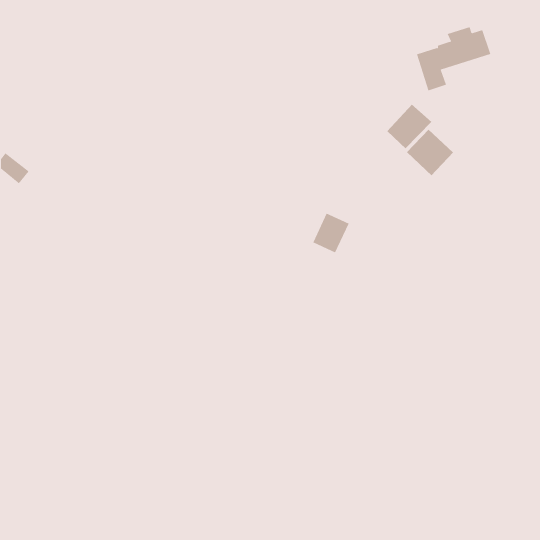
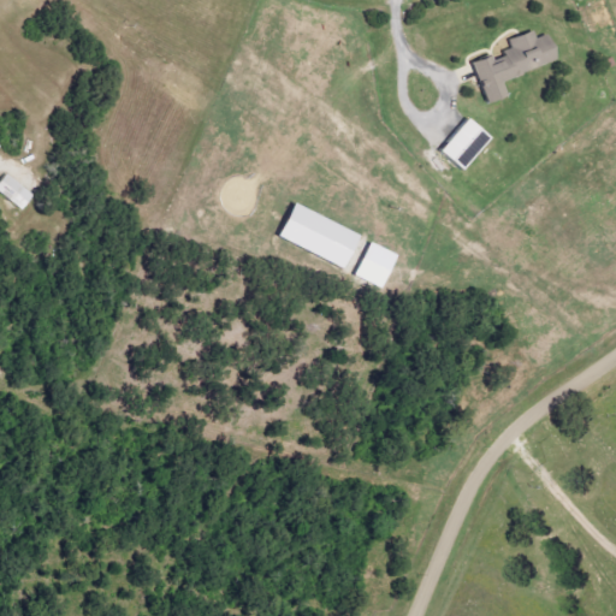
building: [406,129,454,176] -> none
building: none -> [279,202,361,268]

